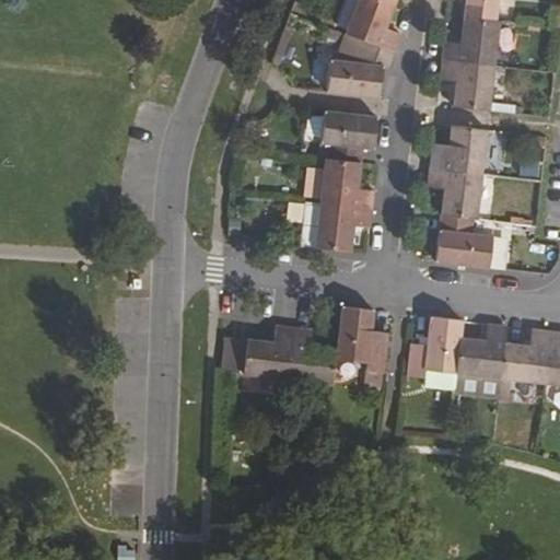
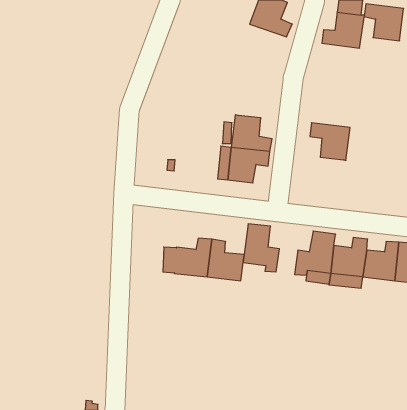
building: [327,39,395,96] -> none
building: [441,59,494,109] -> [364,4,404,41]
building: [319,109,378,161] -> none
building: [429,126,487,174] -> none
building: [435,214,491,267] -> none

